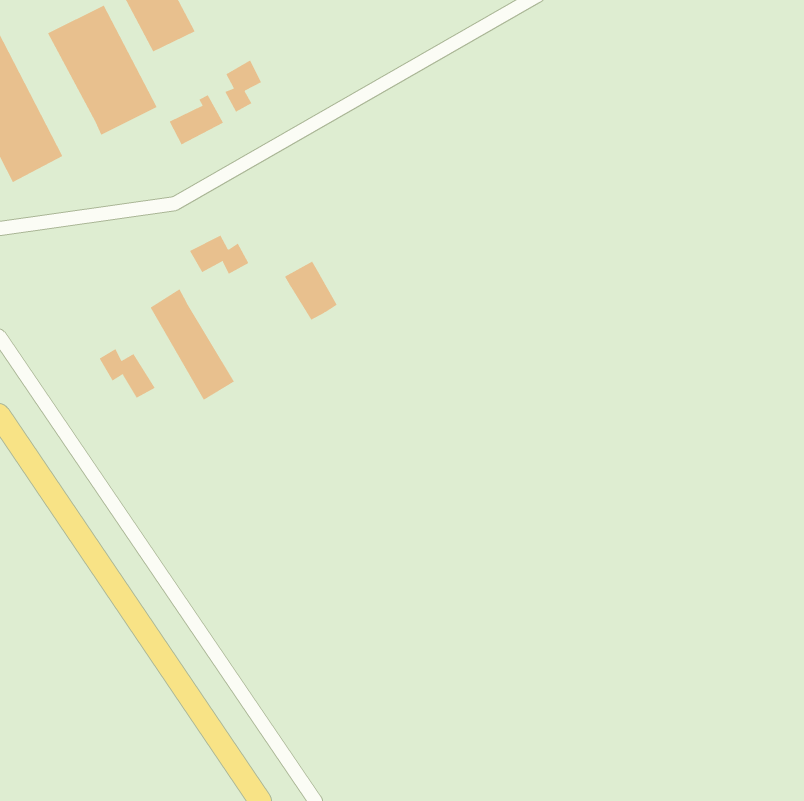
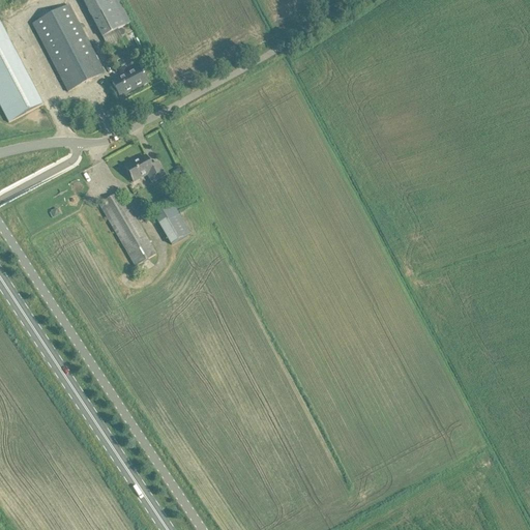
building: [225,59,262,112] -> none
building: [284,261,338,321] -> [153,203,188,242]
building: [99,348,155,399] -> none

